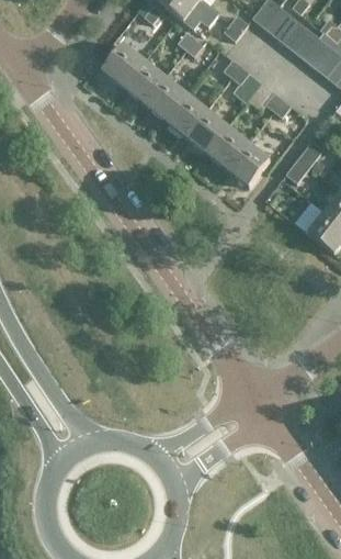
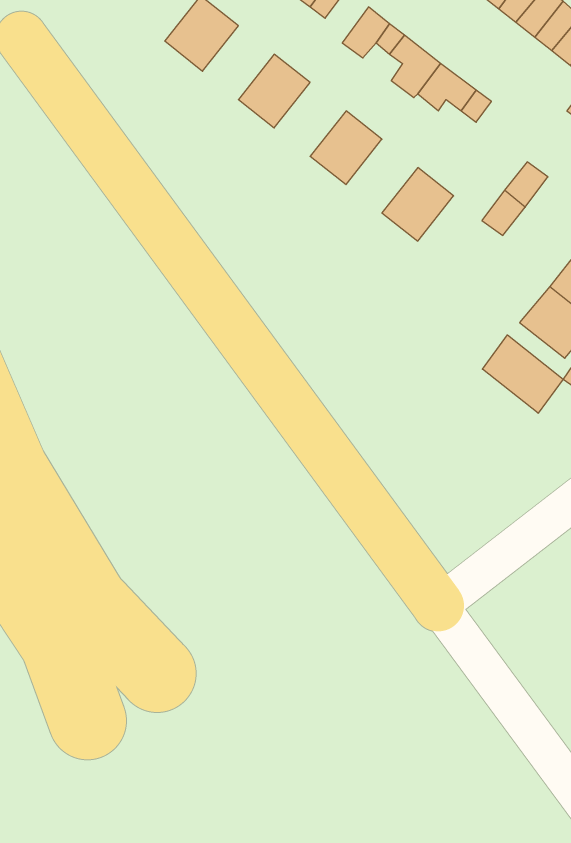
building: [122,60,163,103] -> none
building: [163,93,205,136] -> none
building: [205,126,247,169] -> none
building: none -> [482,335,563,413]

